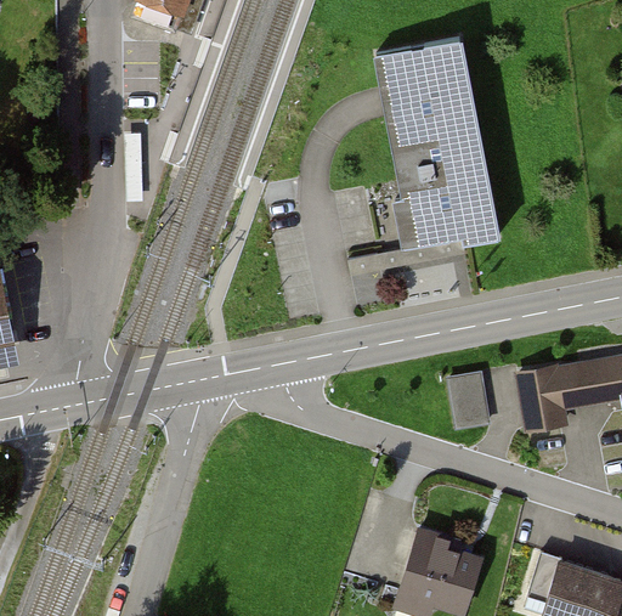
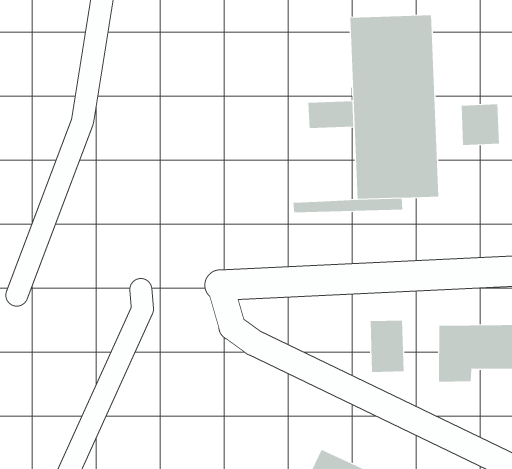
building: none -> [461,104,500,146]
building: none -> [308,100,354,129]

